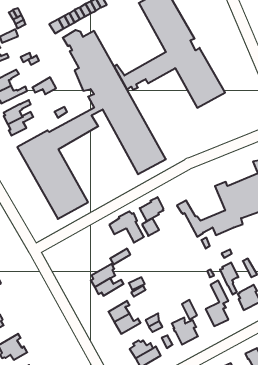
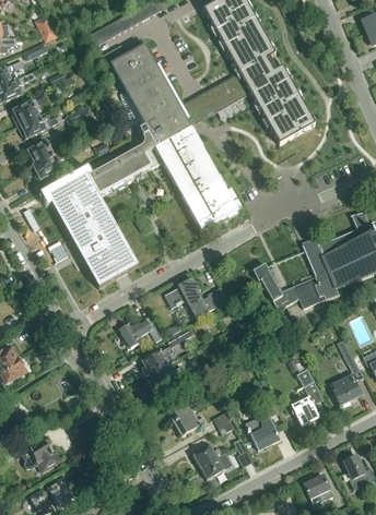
building: [140,197,163,221] -> none
building: none -> [119,320,164,348]
building: [220,262,238,295] -> none

